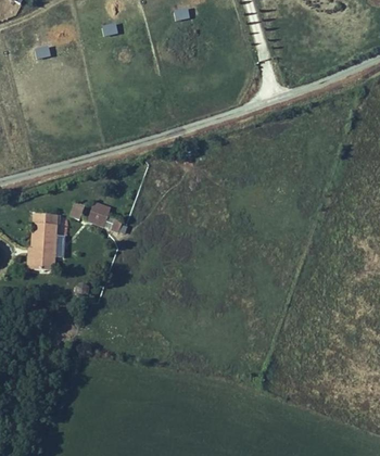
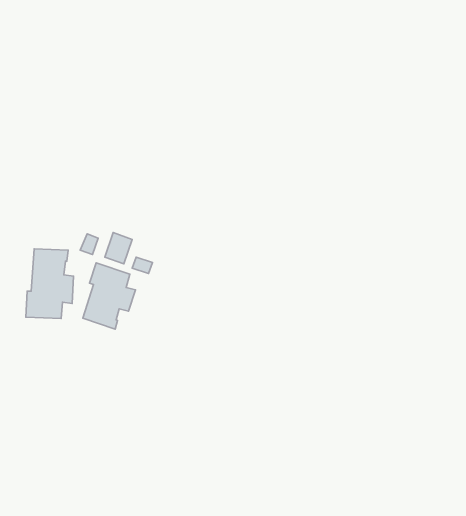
building: none -> [83,263,136,329]

